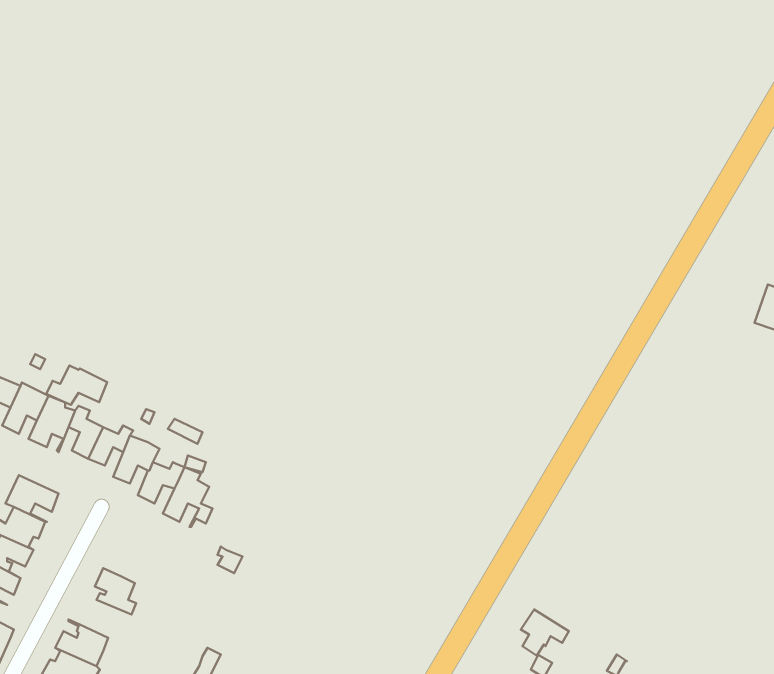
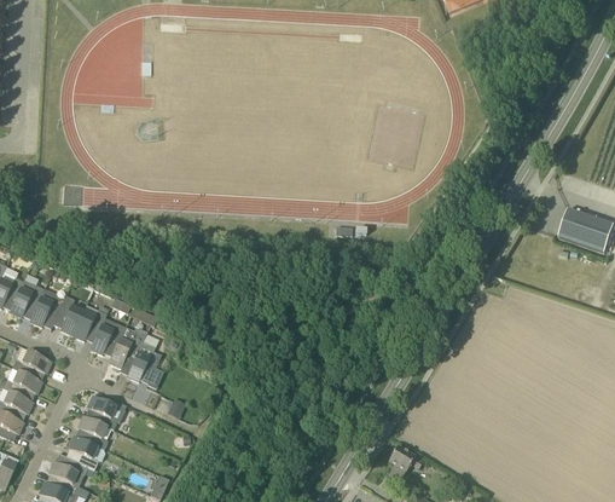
building: [46,365,107,405] -> none
building: none -> [86,394,123,429]
building: none -> [65,435,104,469]

